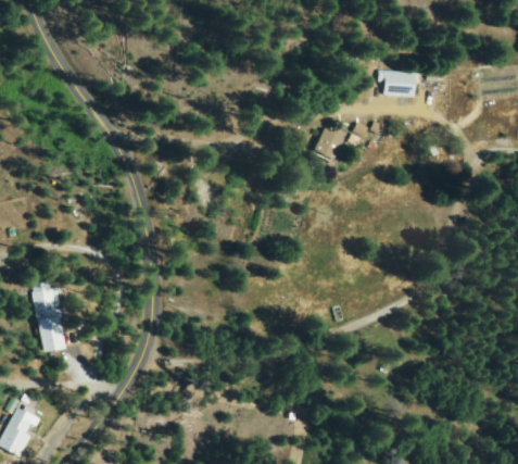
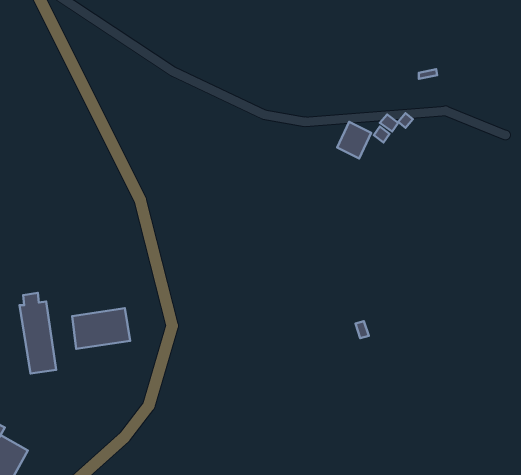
building: none -> [72,308,130,349]

